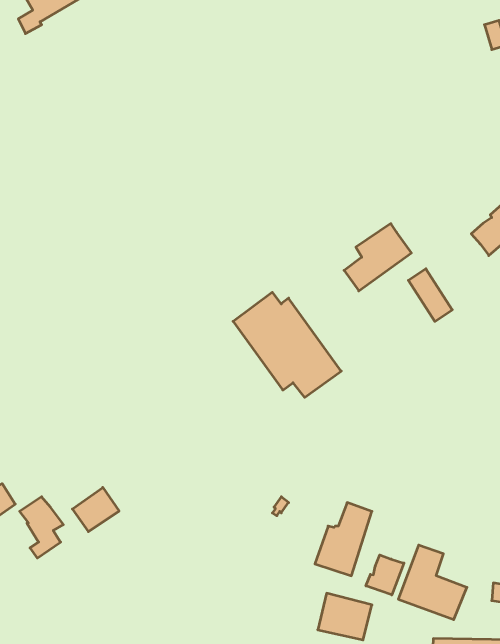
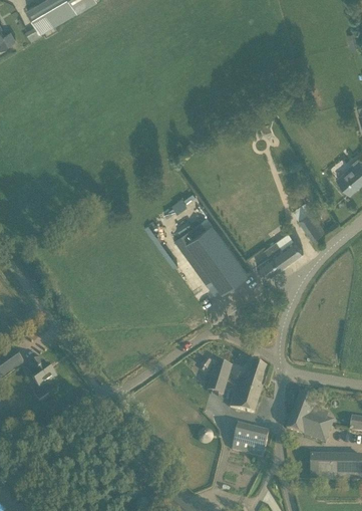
building: [344,224,411,291] -> [257,232,303,278]
building: [72,487,119,532] -> none
building: none -> [208,360,233,396]
building: [366,555,404,595] -> none

